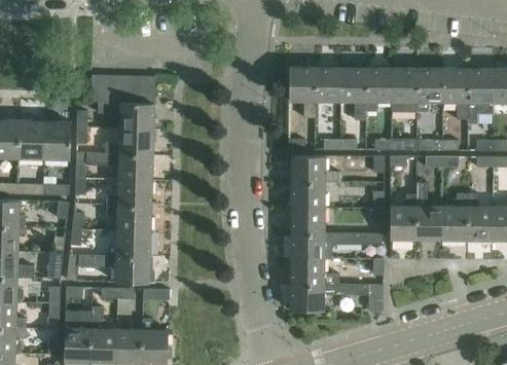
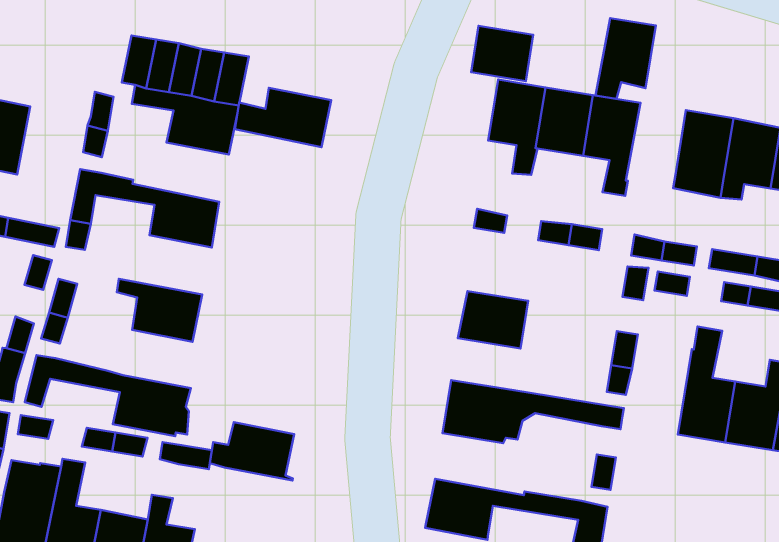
building: none -> [471,26,533,81]
building: [365,69,391,111] -> [596,18,656,99]
building: [43,123,70,160] -> none
building: [105,131,153,157] -> [235,88,331,147]
building: [291,156,340,183] -> none
building: [106,181,152,208] -> none
building: [389,194,414,241] -> none
building: [290,209,324,231] -> none
building: [108,232,153,258] -> [210,422,294,481]
building: [290,260,338,286] -> none

